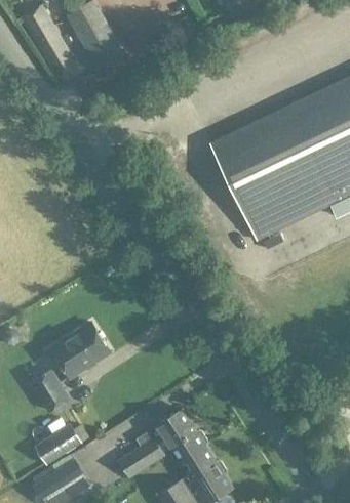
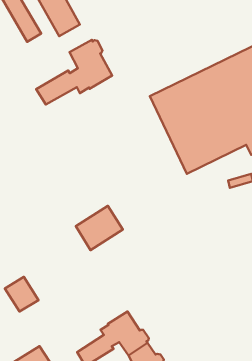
building: none -> [36,40,112,105]
building: [51,323,110,378] -> [76,206,123,250]
building: [35,422,89,464] -> none

